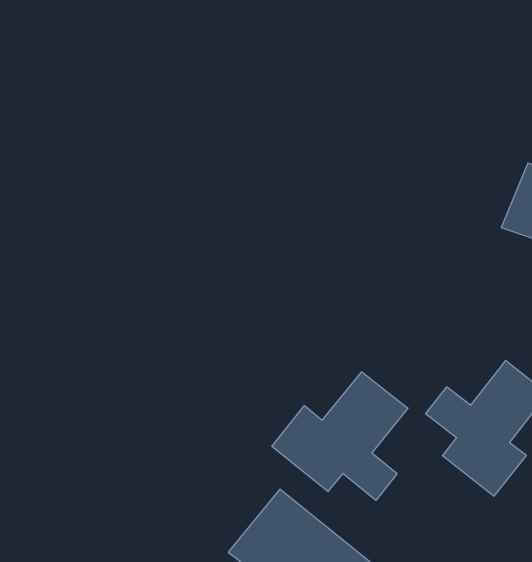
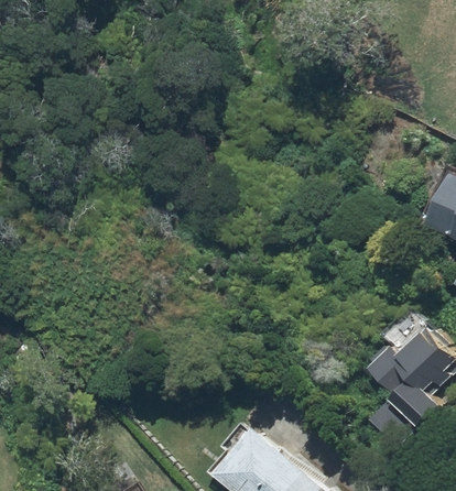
building: [272,372,408,500] -> none

